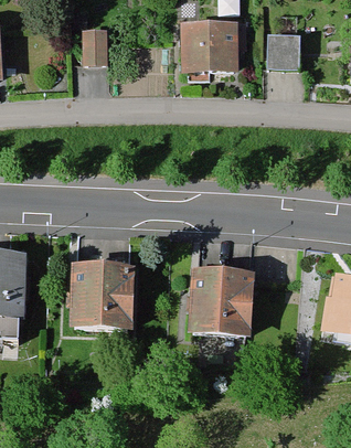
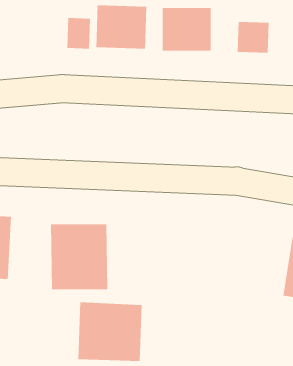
building: none -> [96,4,147,49]
building: [182,265,253,330] -> [77,302,142,362]

